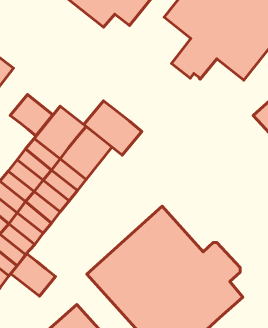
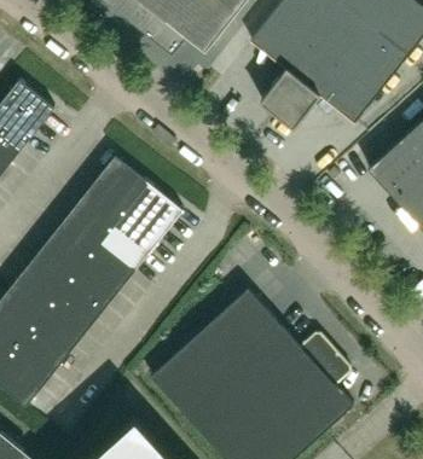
building: [10,95,53,136] -> none
building: [84,101,142,155] -> none
building: [11,254,55,296] -> none

